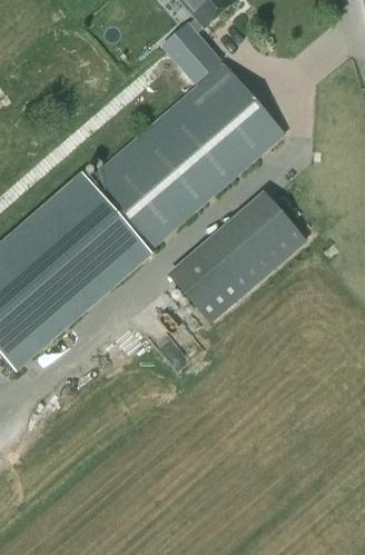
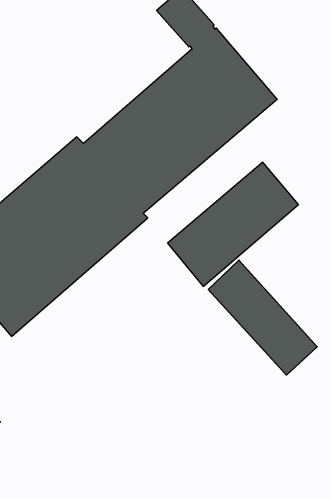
building: none -> [208,260,317,375]

